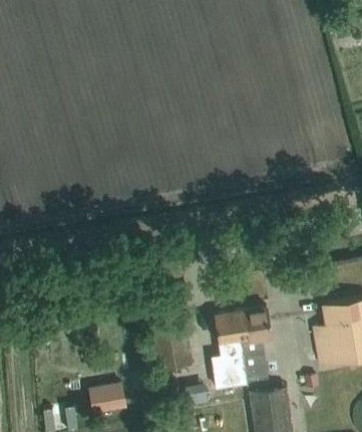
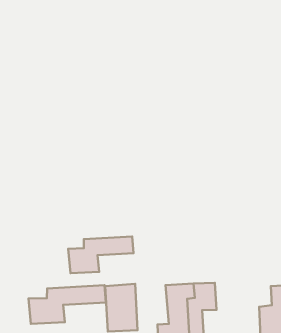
building: none -> [68,236,134,273]
building: none -> [28,285,106,324]

